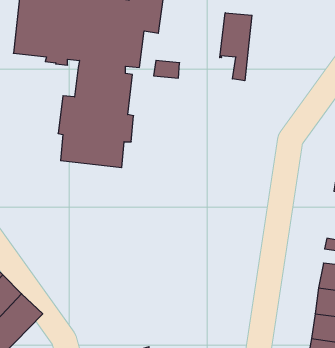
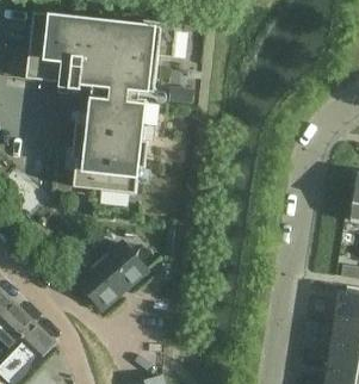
building: [220,13,252,81] -> none
building: none -> [78,242,144,306]

